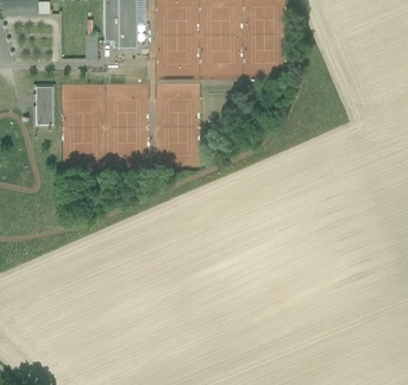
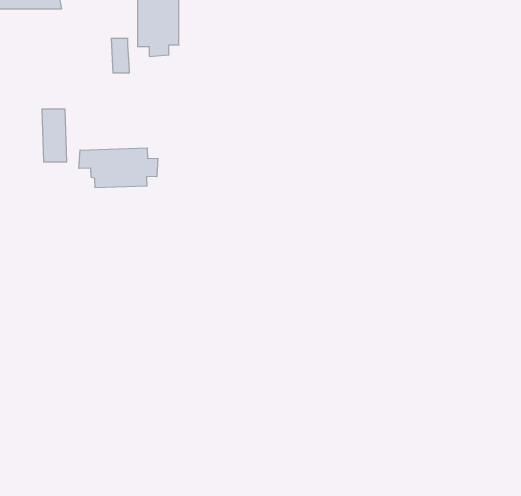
building: none -> [79,148,158,188]

